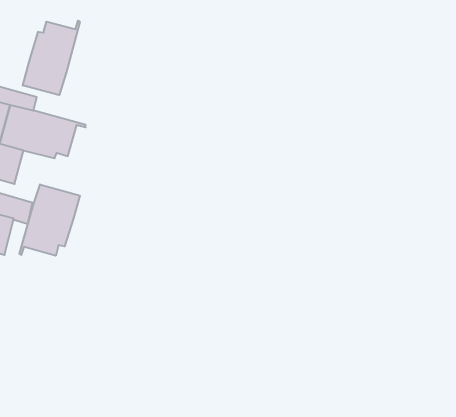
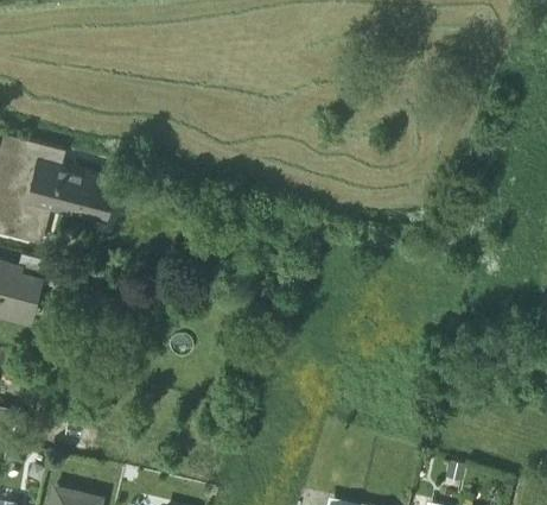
building: [23,21,80,95] -> none
building: [19,184,80,256] -> none

